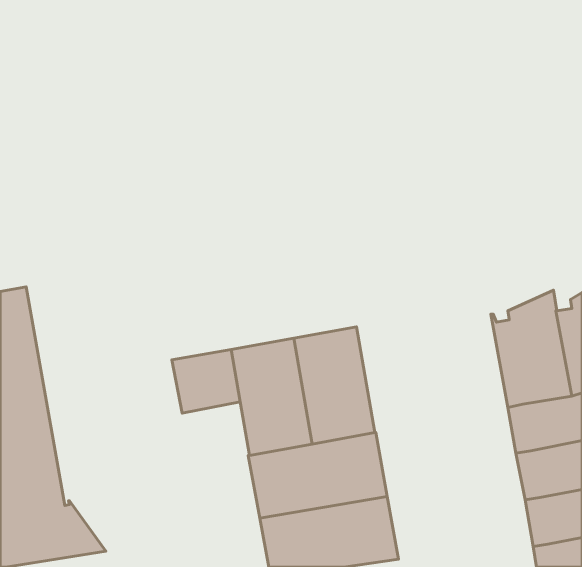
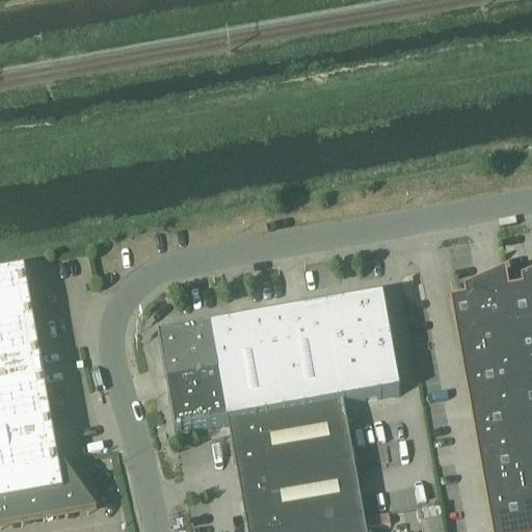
building: none -> [325,289,400,395]
building: none -> [166,367,228,425]

